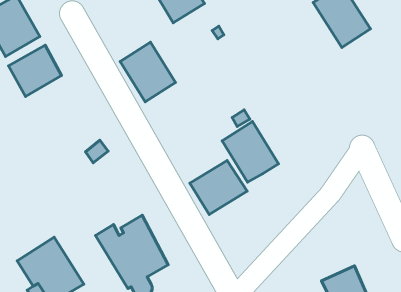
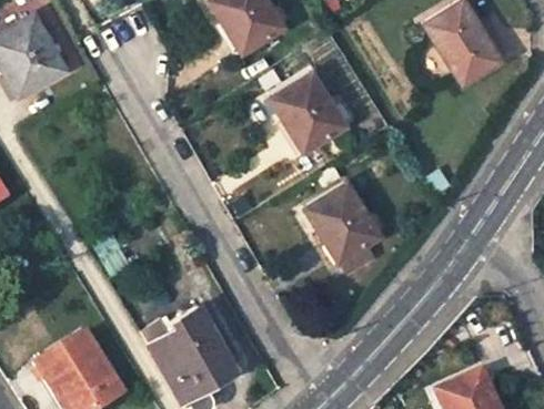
building: [120,42,176,102] -> [271,72,344,151]
building: [8,45,61,96] -> none
building: [190,161,247,215] -> none

